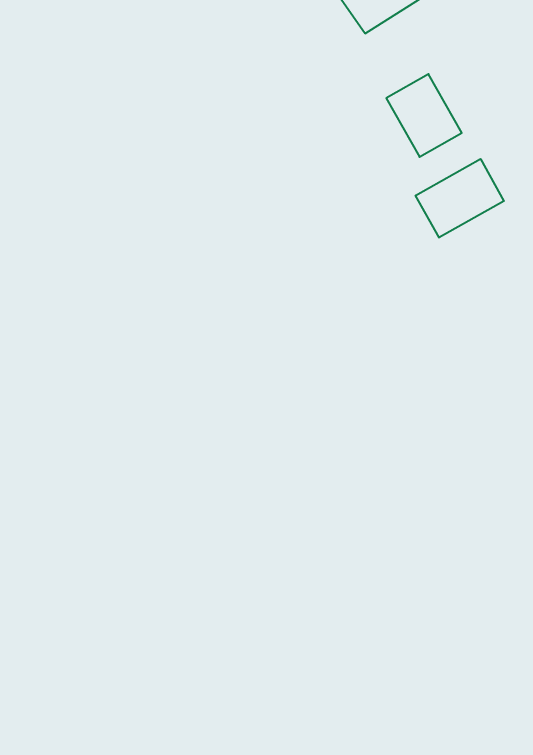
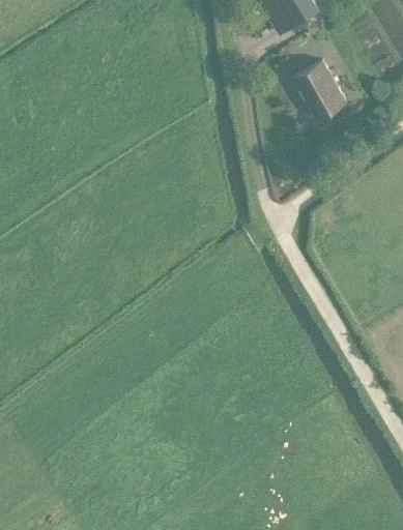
building: [416,159,504,238] -> none

